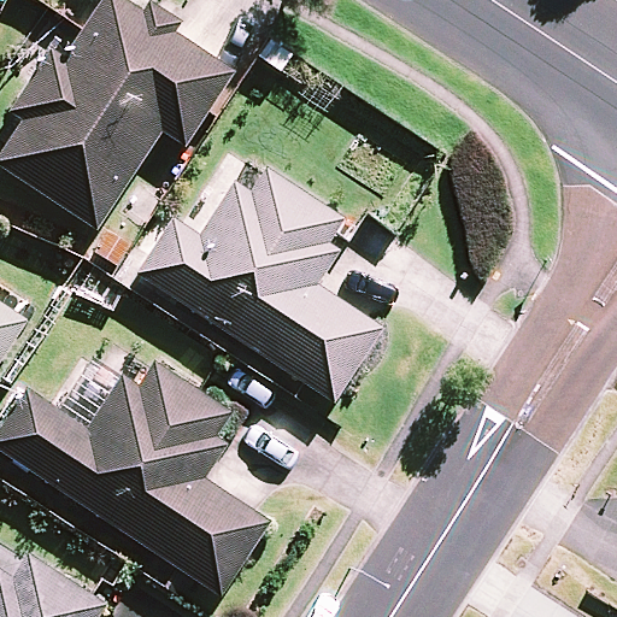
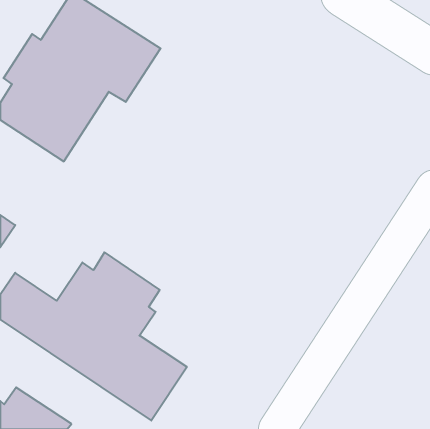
building: [137,168,384,402] -> none

